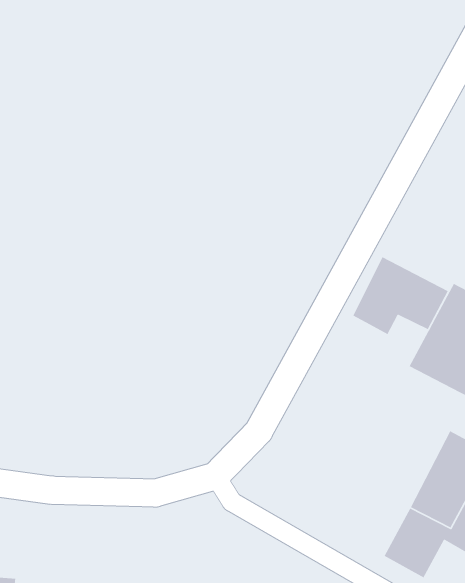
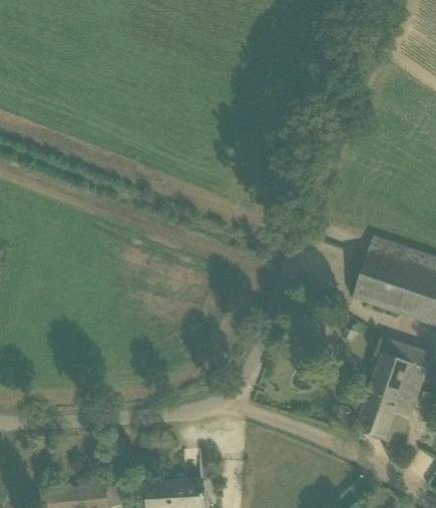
building: [352,256,449,335] -> none

